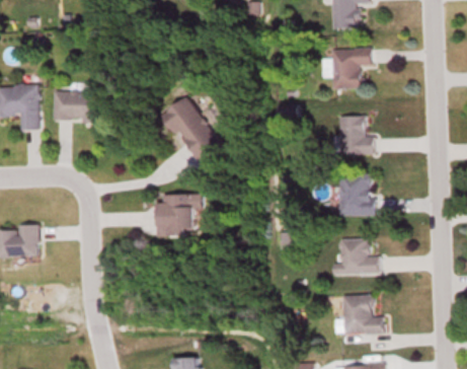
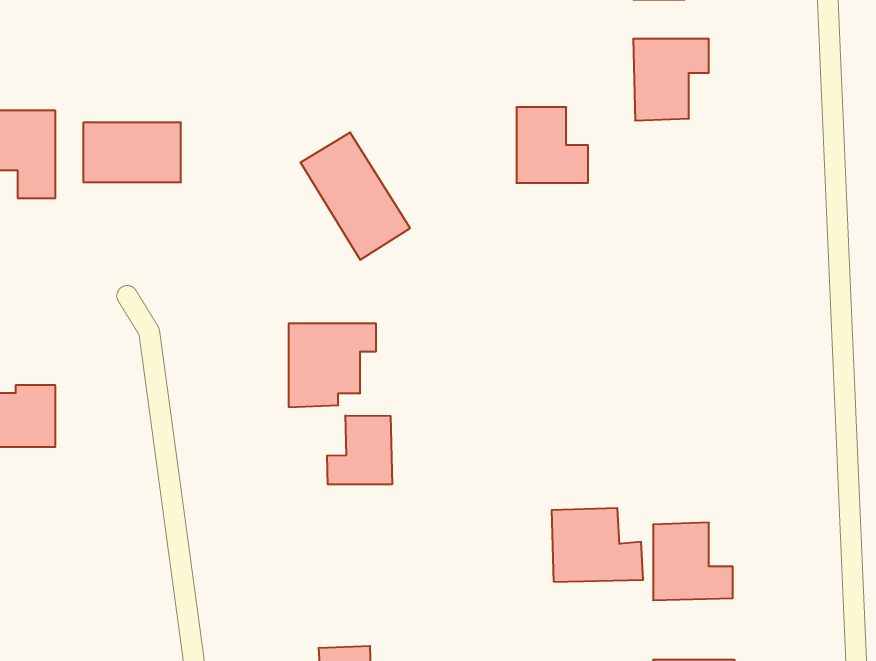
building: [340,116,377,154] -> [516,107,588,183]
building: [340,172,376,215] -> none
building: [335,237,382,275] -> [552,508,643,582]
building: none -> [327,415,392,484]

